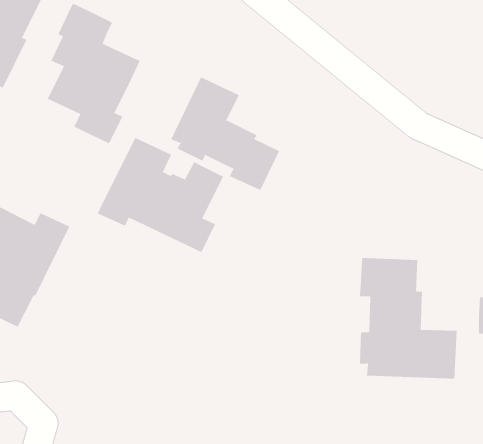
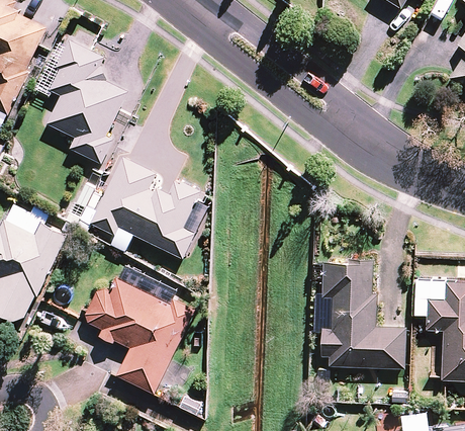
building: [171,76,280,191] -> none
building: none -> [86,278,196,394]

